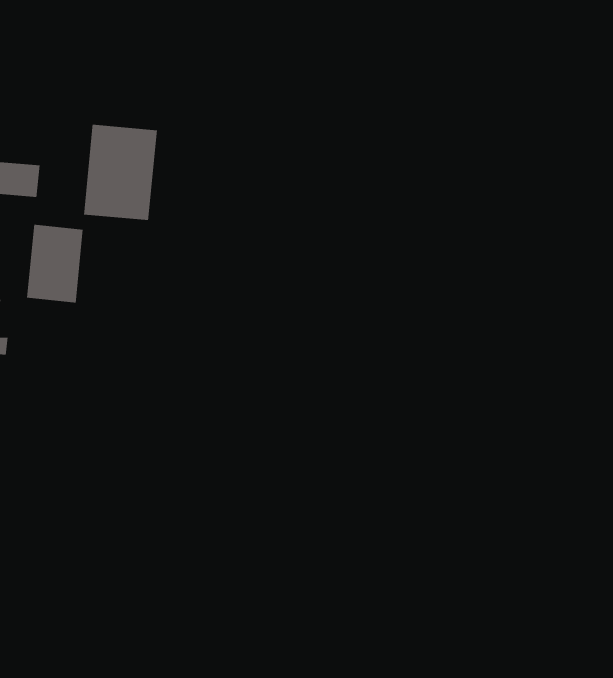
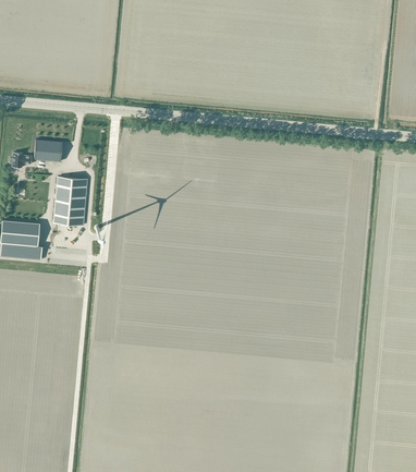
building: [83,124,157,221] -> none

